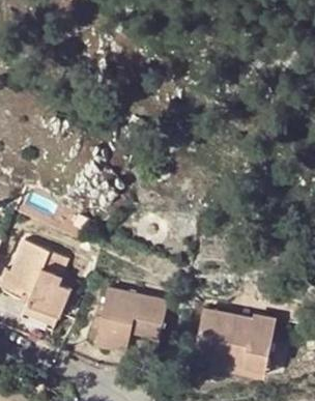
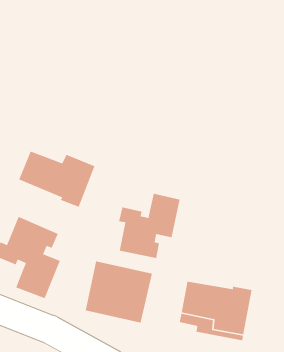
building: none -> [18,150,96,208]
building: none -> [118,193,181,259]

